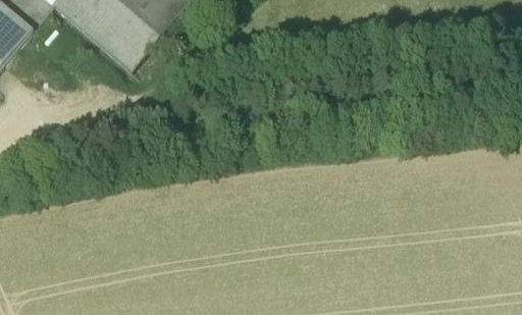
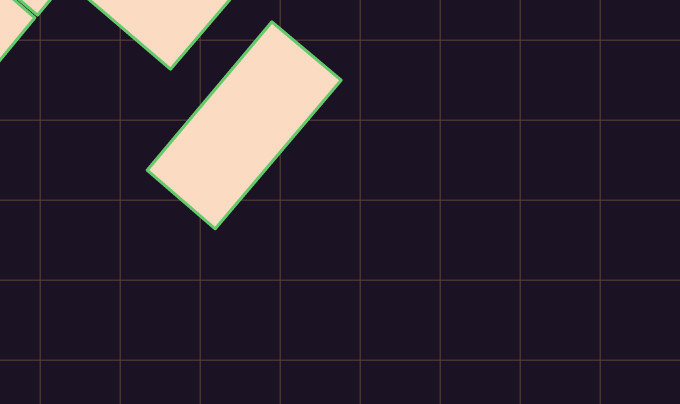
building: none -> [147,22,341,229]

